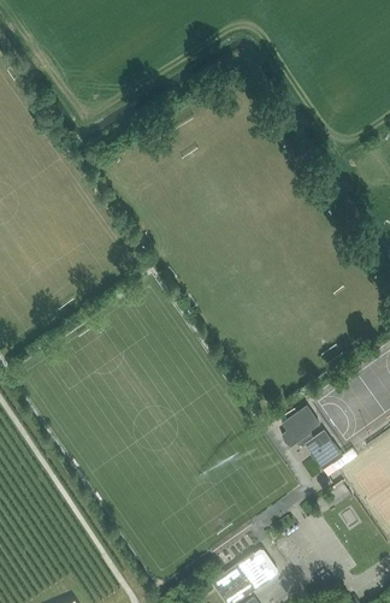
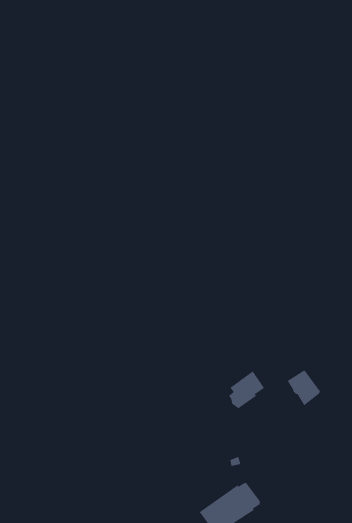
building: [282,407,320,448] -> [228,371,265,409]

